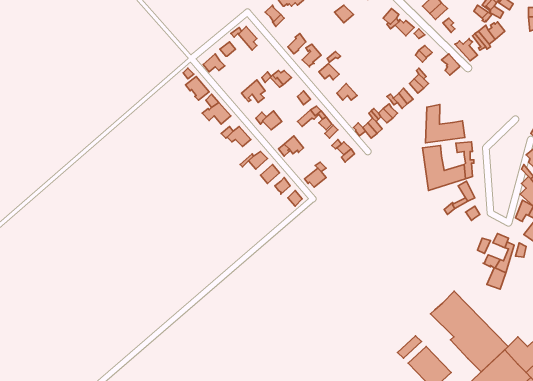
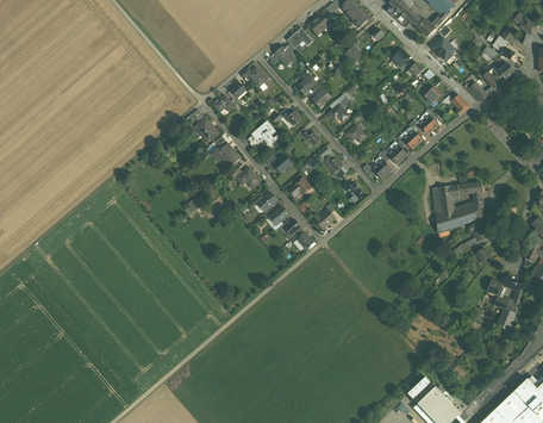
building: [425,105,465,143] -> none
building: [431,291,508,372] -> none

